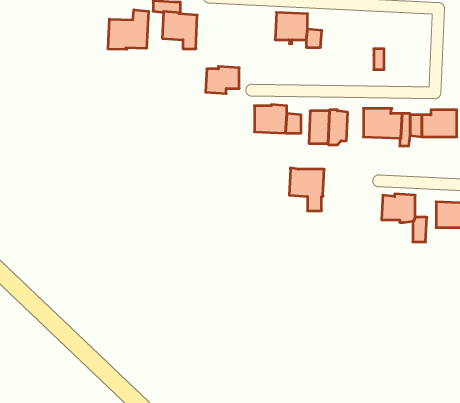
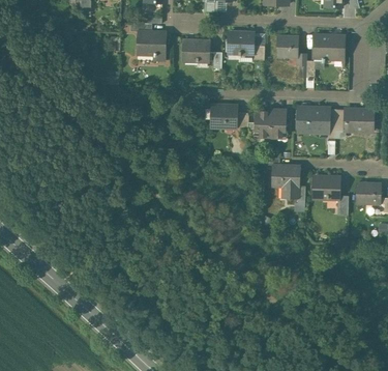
building: [108,10,149,49] -> none
building: none -> [311,34,344,62]
building: none -> [275,35,297,57]
building: [206,66,239,94] -> [181,39,208,61]
building: [289,168,324,211] -> [271,164,299,198]

